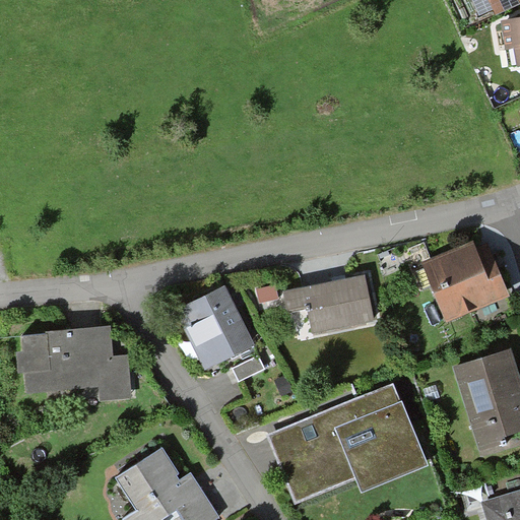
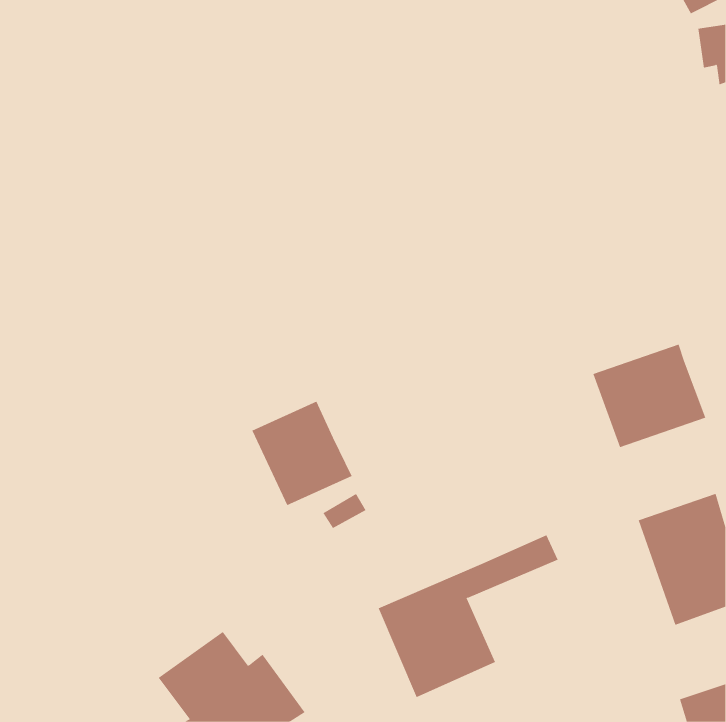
building: [283,277,373,334] -> none
building: [14,327,129,399] -> none
building: [334,400,426,489] -> none

